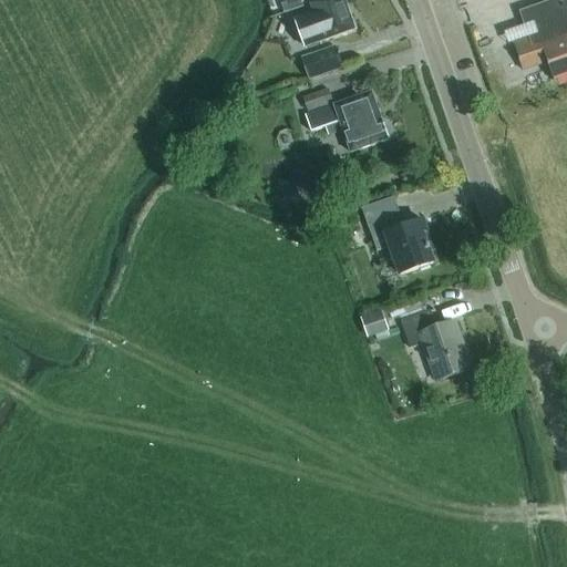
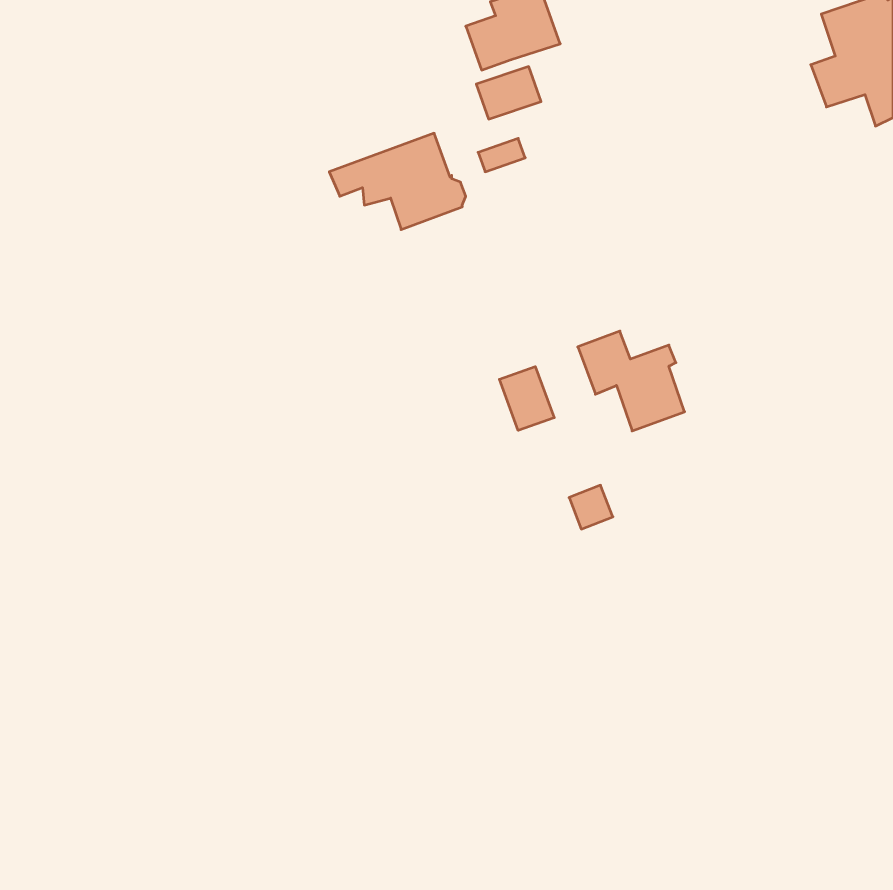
building: [305,90,391,151] -> [329,133,466,230]
building: none -> [499,367,554,430]
building: [400,309,471,379] -> none

